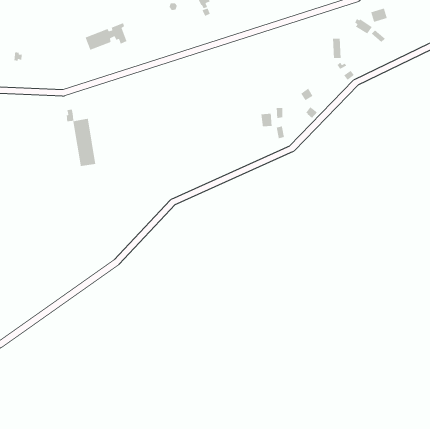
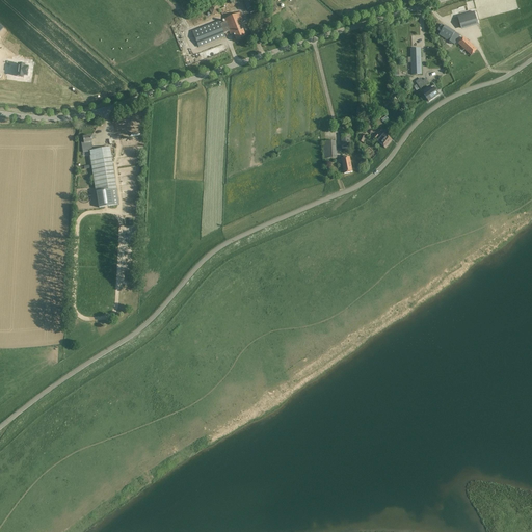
building: [85,22,128,51] -> [191,10,244,46]

